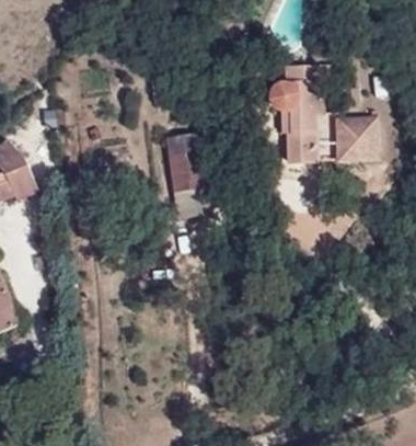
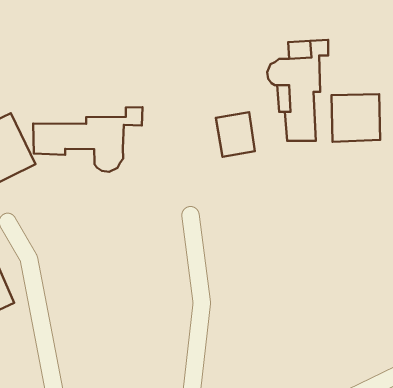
building: none -> [33,107,143,172]
building: [166,147,205,191] -> [216,112,255,157]

